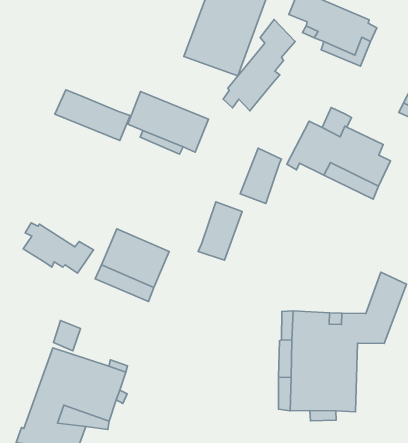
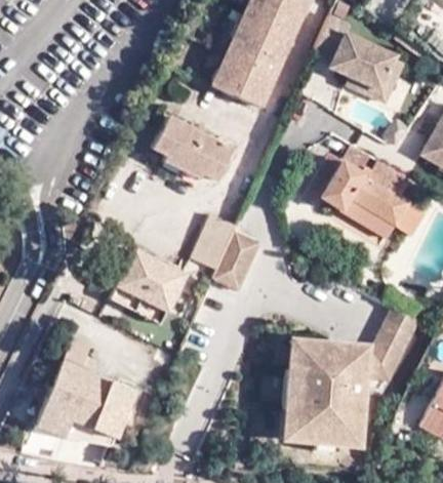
building: [223,19,295,111] -> none
building: [55,90,130,141] -> none
building: [240,148,282,204] -> [194,213,237,269]
building: [23,223,93,273] -> none

